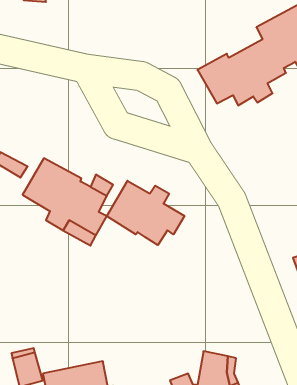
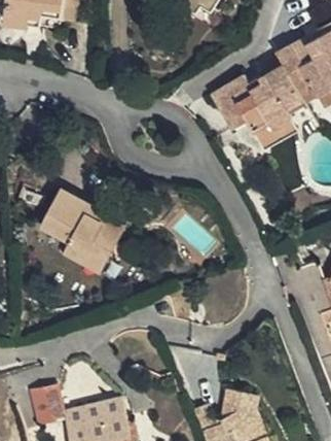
building: [107,181,184,245] -> none

